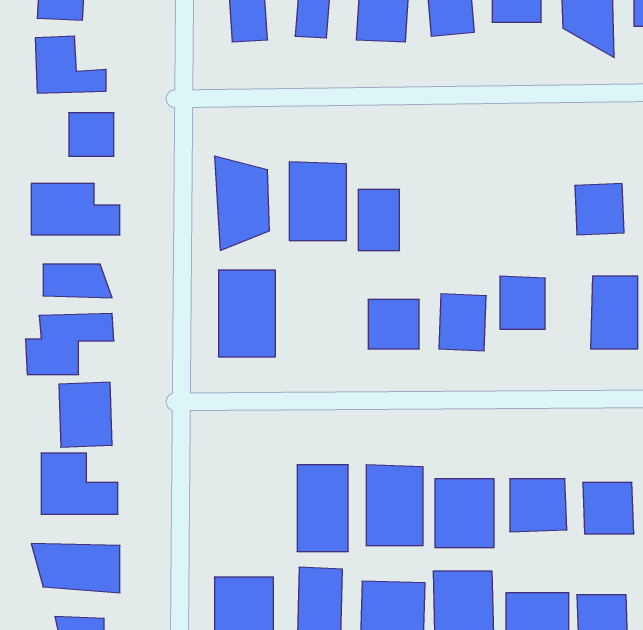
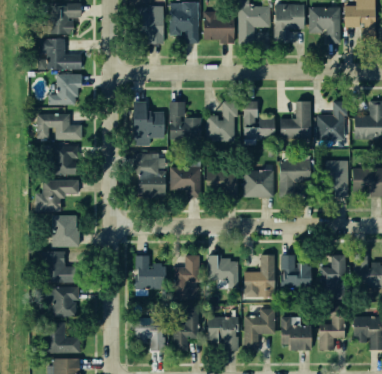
building: none -> [281,101,310,132]
building: none -> [241,115,275,145]
building: none -> [172,168,201,191]
building: none -> [133,255,167,288]

